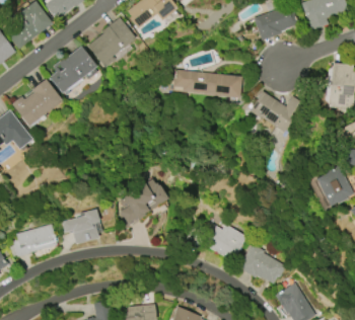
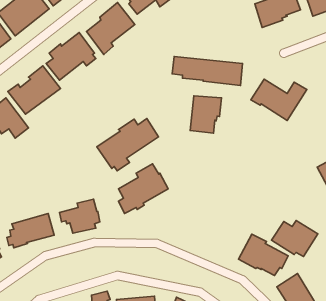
building: none -> [190,96,222,133]
building: none -> [97,118,158,171]
building: [202,224,247,259] -> [271,220,318,257]

